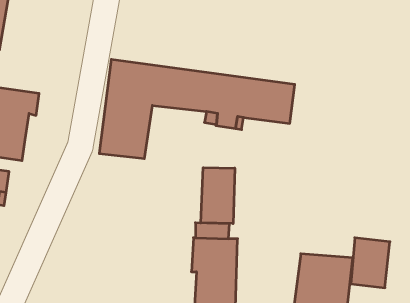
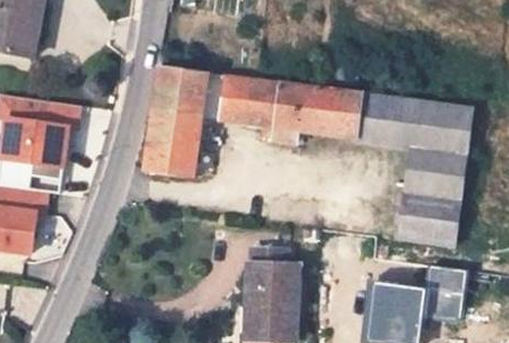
building: none -> [356,94,472,245]
building: [201,168,235,224] -> none

